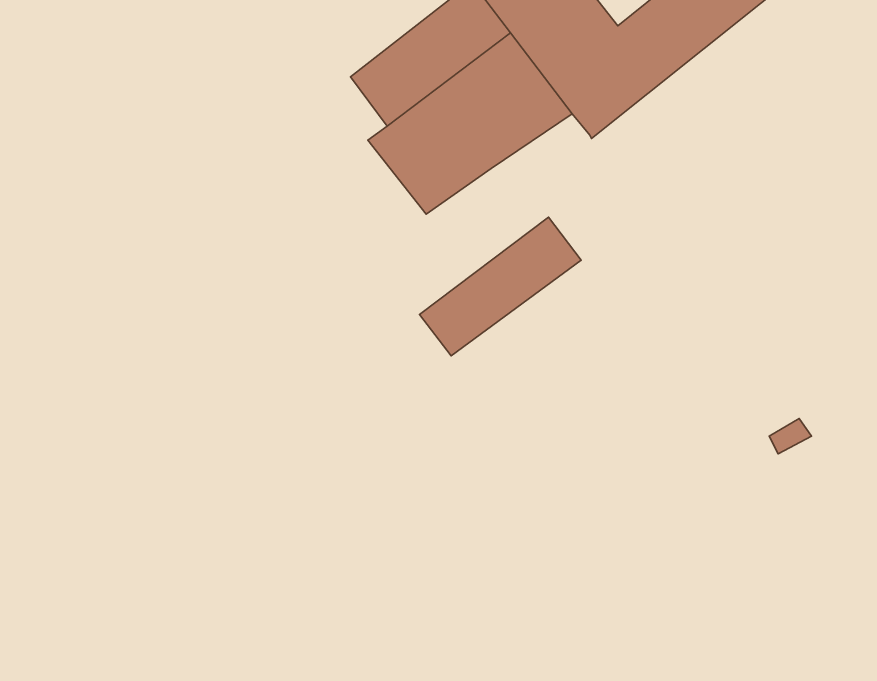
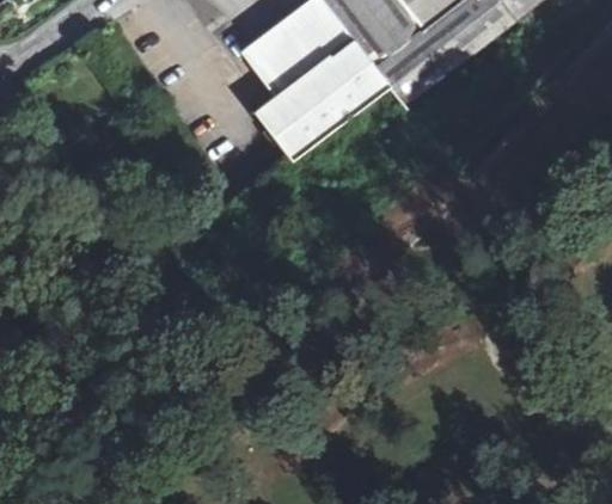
building: [419,217,581,356] -> none

